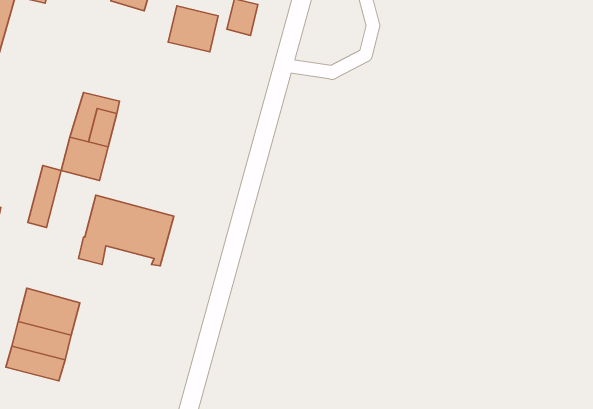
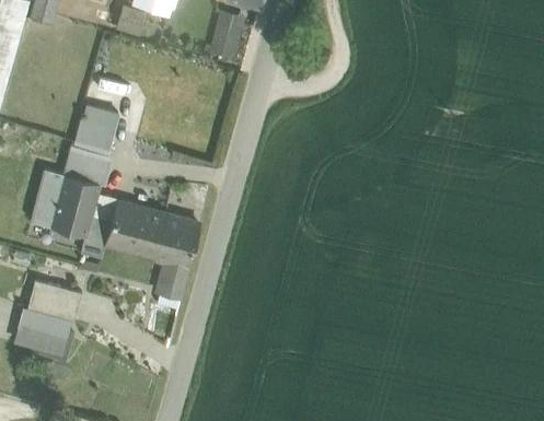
building: [168,6,218,52] -> none
building: none -> [50,174,97,233]
building: none -> [151,214,198,293]

